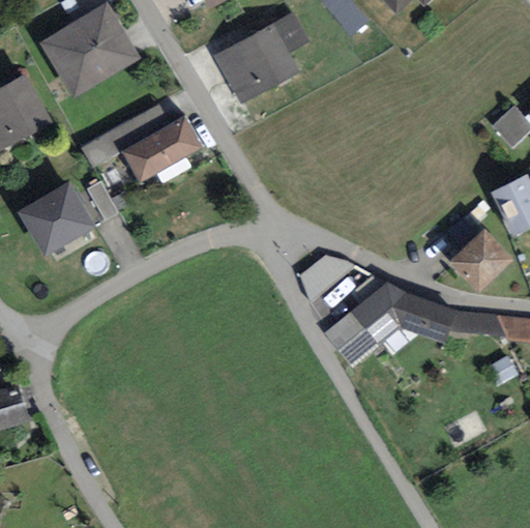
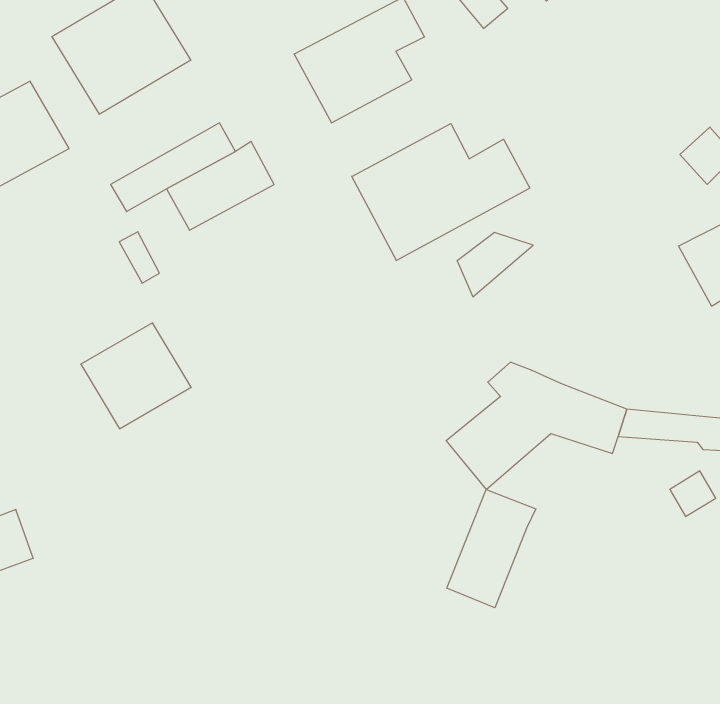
building: none -> [352,124,530,261]
building: [18,180,97,257] -> [81,323,191,429]
building: [448,227,516,293] -> none
building: [300,255,355,301] -> [457,232,533,297]
building: none -> [447,489,536,608]

